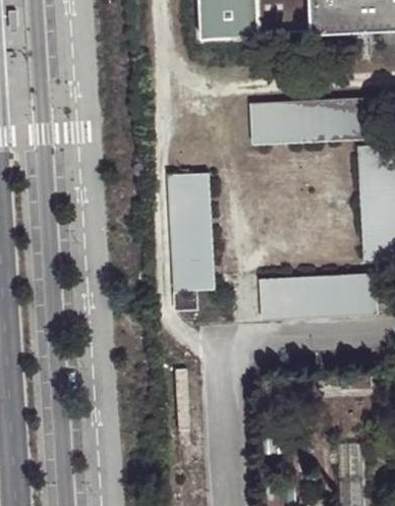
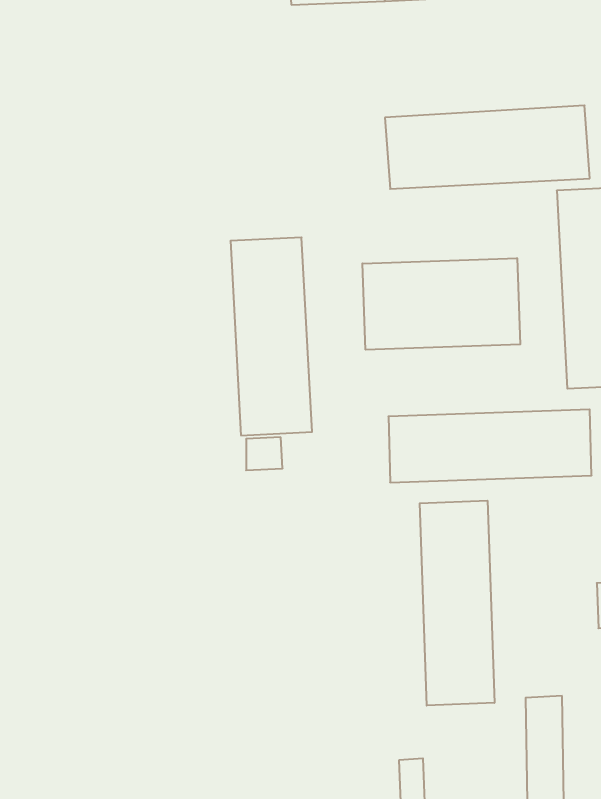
building: none -> [362,258,520,350]
building: none -> [420,501,494,706]

